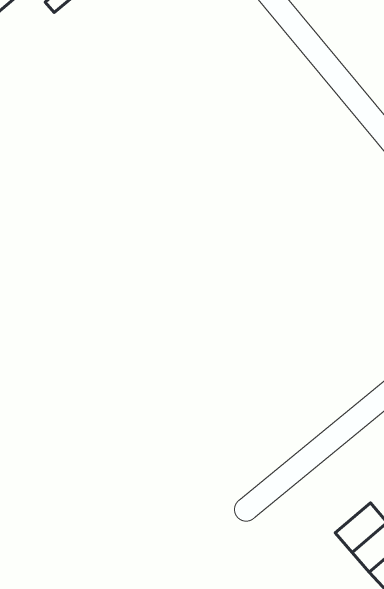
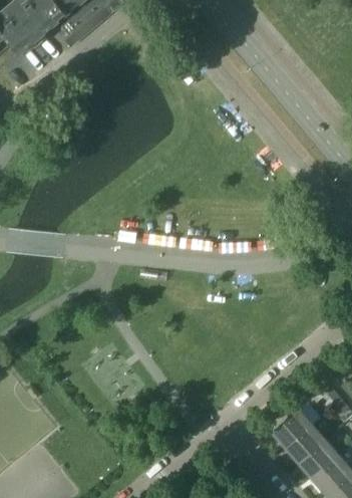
building: none -> [272,409,313,448]

